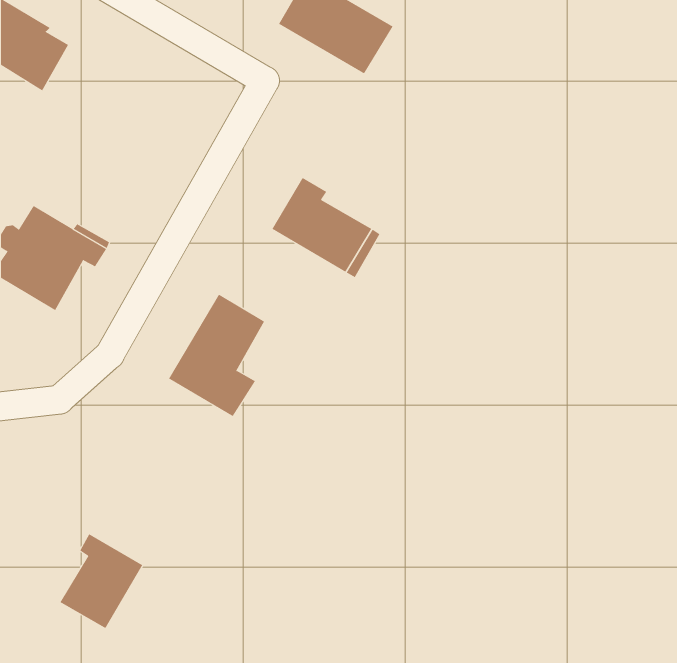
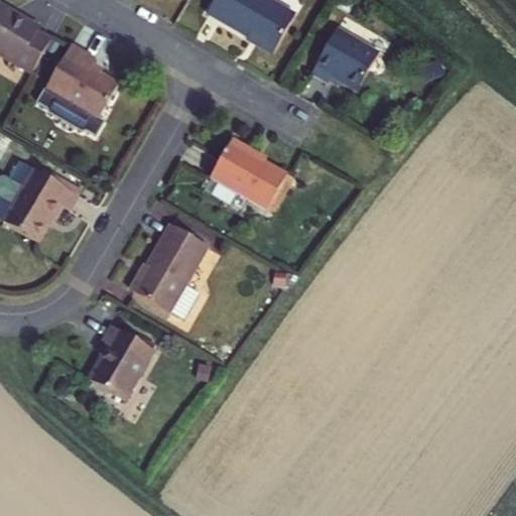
building: none -> [316,34,383,96]
building: none -> [38,39,118,129]
building: [60,533,143,629] -> [86,322,149,395]

